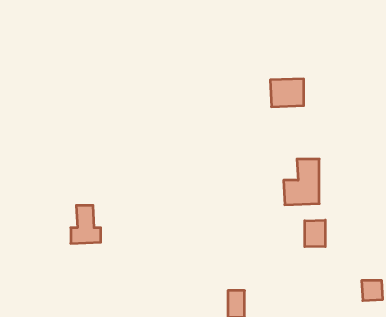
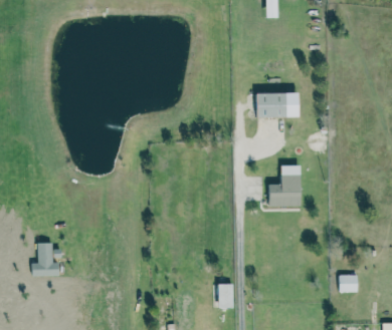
building: [71,205,101,243] -> [32,243,59,277]
building: [305,220,325,247] -> none

